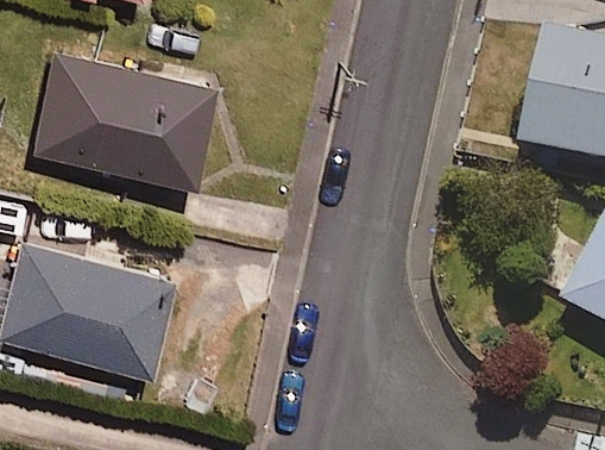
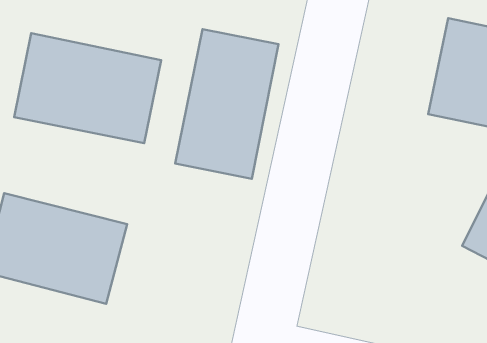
building: none -> [175,29,279,179]

